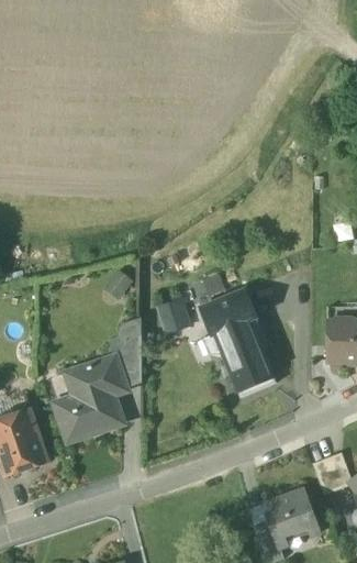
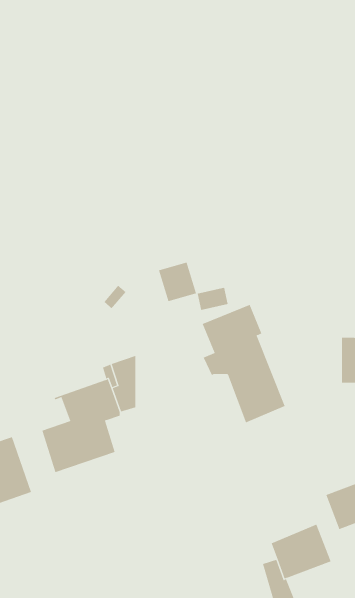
building: [157,295,192,331] -> [158,262,197,302]

